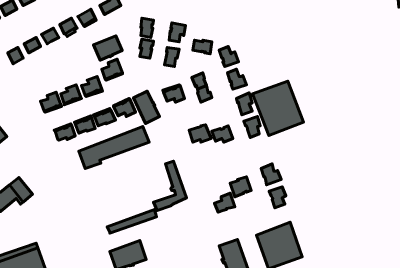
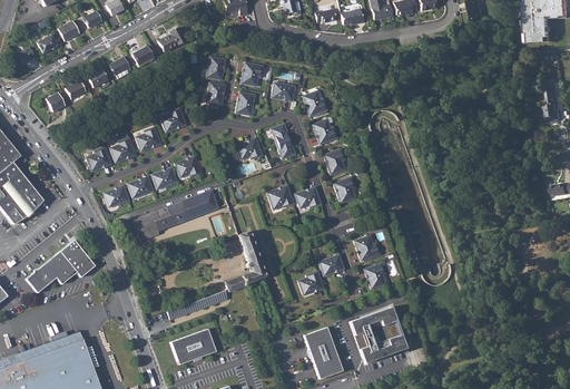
building: [94,36,122,60] -> none
building: [252,81,304,136] -> none
building: [134,91,160,124] -> none
building: none -> [59,240,95,278]

